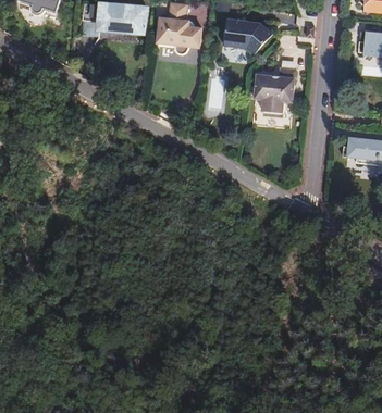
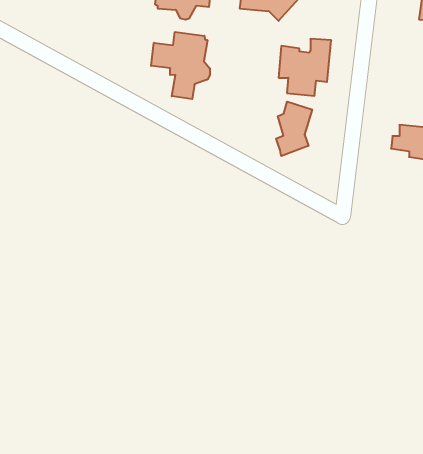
building: none -> [151,32,210,99]
building: none -> [276,102,312,156]

